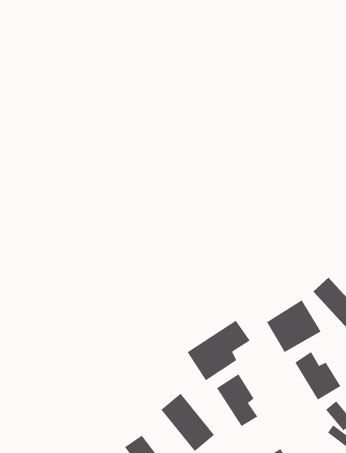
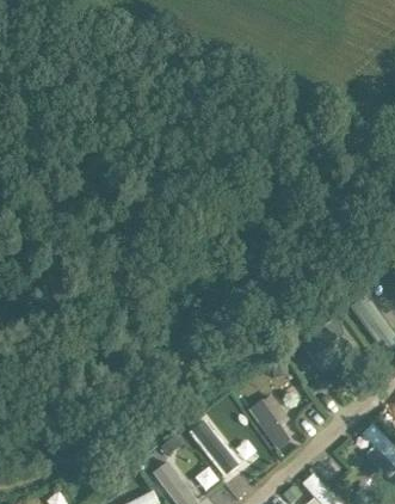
building: [187,320,251,381] -> none
building: [294,351,341,401] -> none

